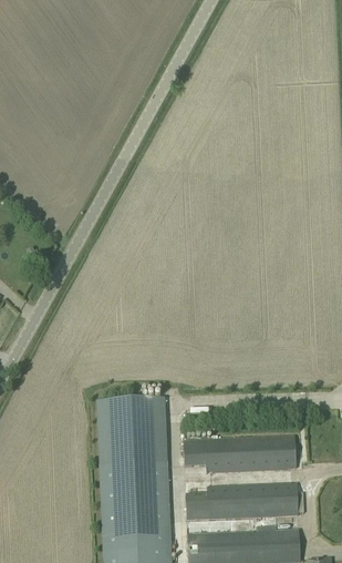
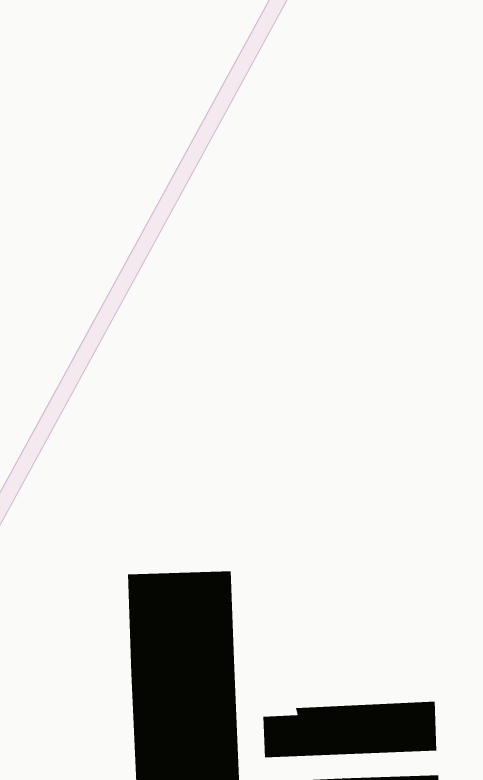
building: [183,437,296,472] -> none

